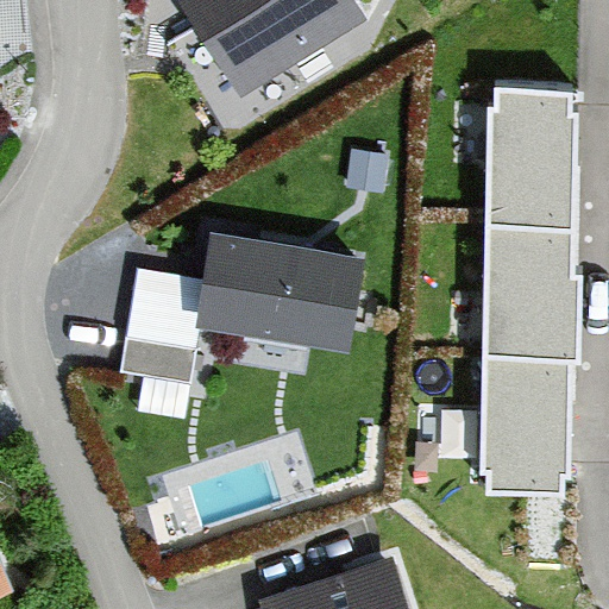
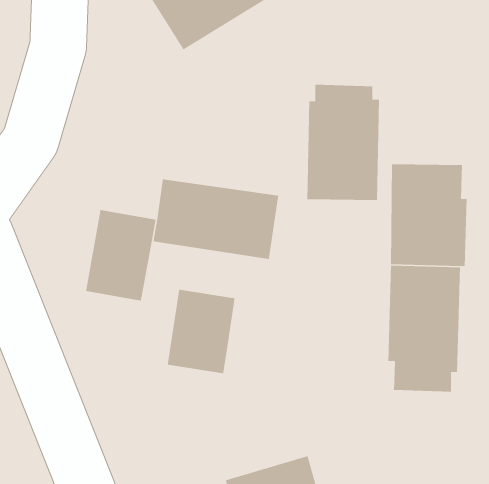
building: [486,79,575,219] -> [307,84,380,201]
building: none -> [167,289,235,374]

